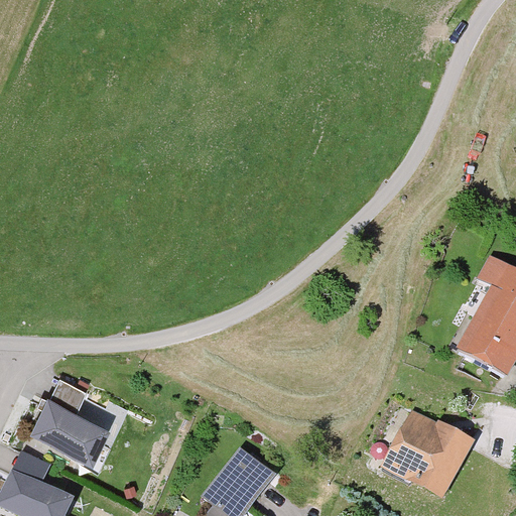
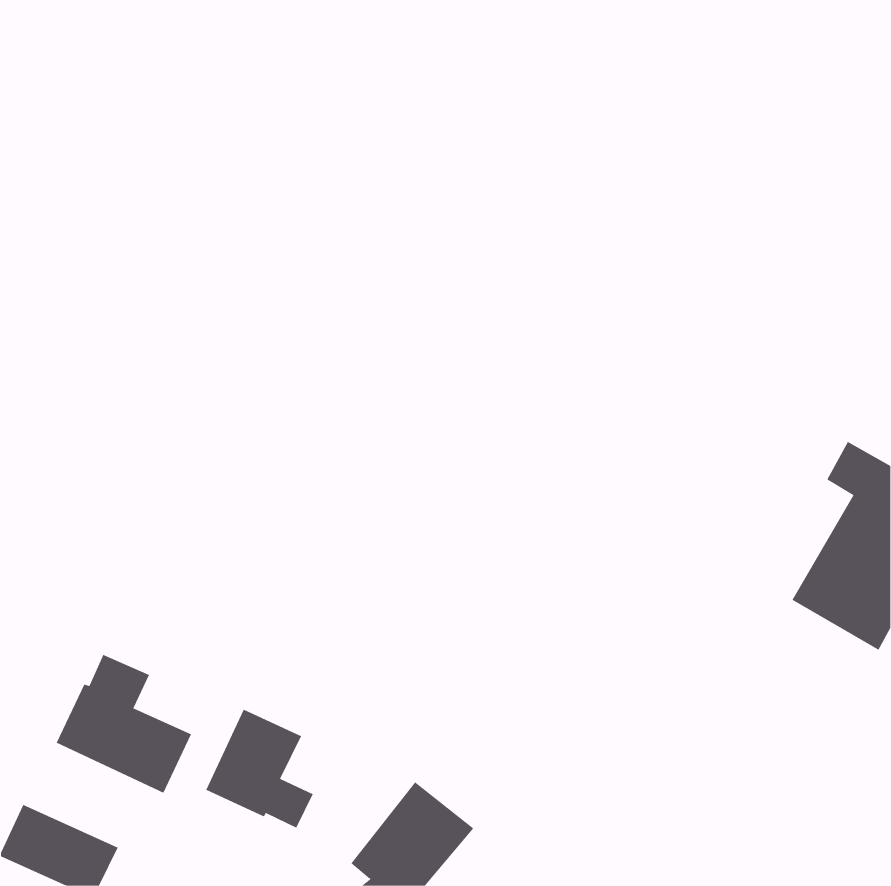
building: [381,409,474,500] -> none
building: none -> [205,709,314,828]

